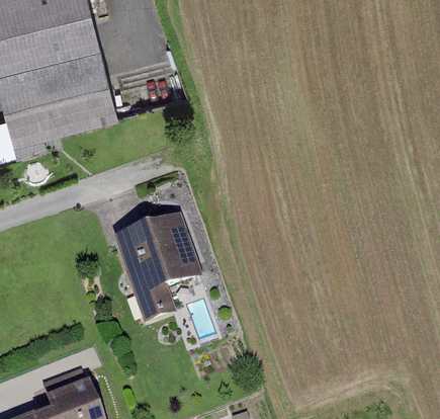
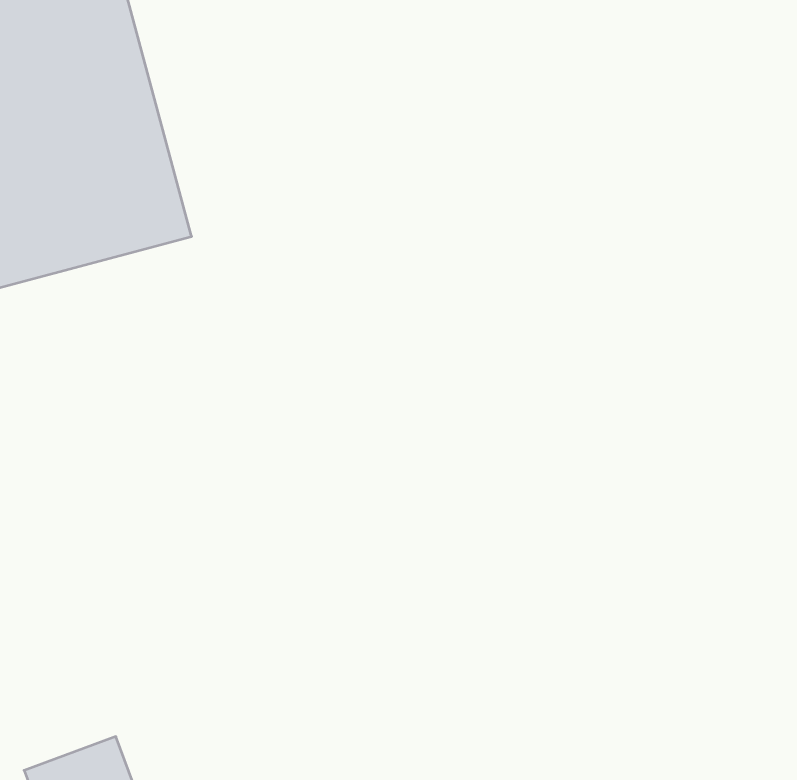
building: [109,214,196,322] -> none

